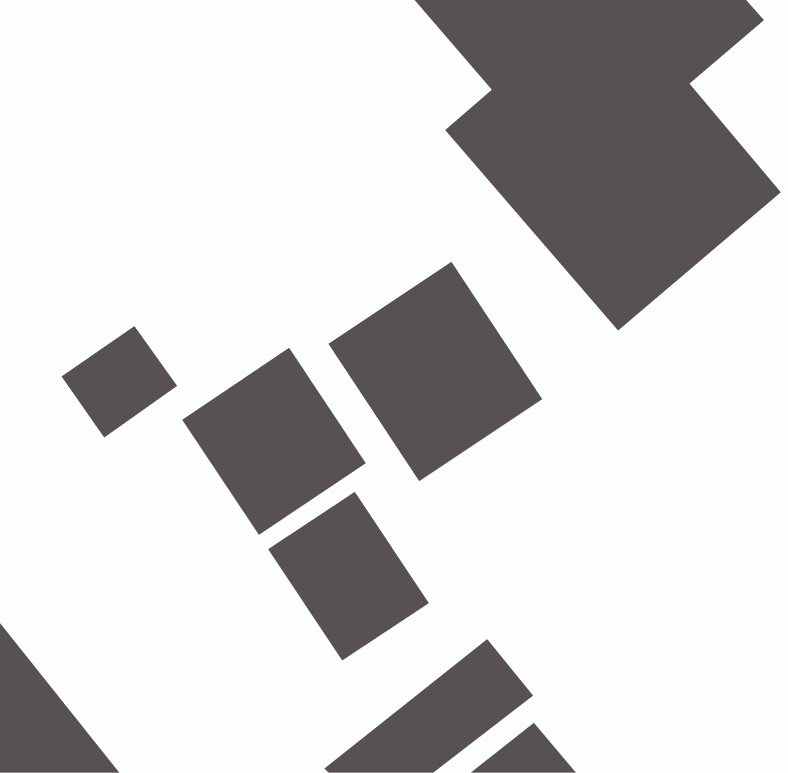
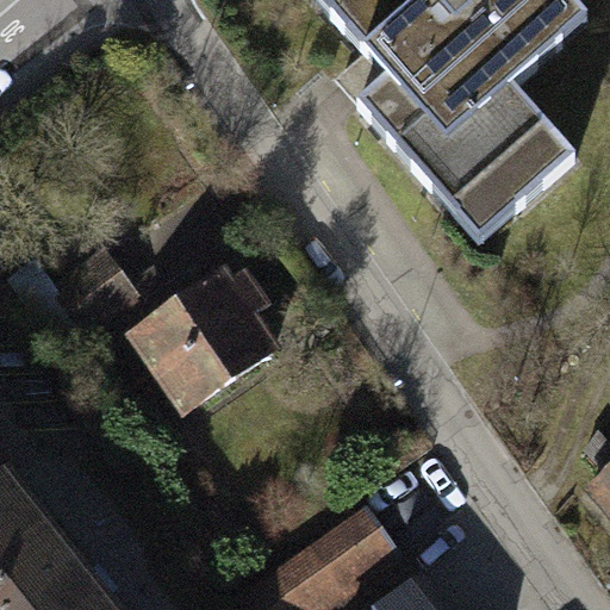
building: [328,261,543,482] -> none
building: [267,491,430,662] -> none

